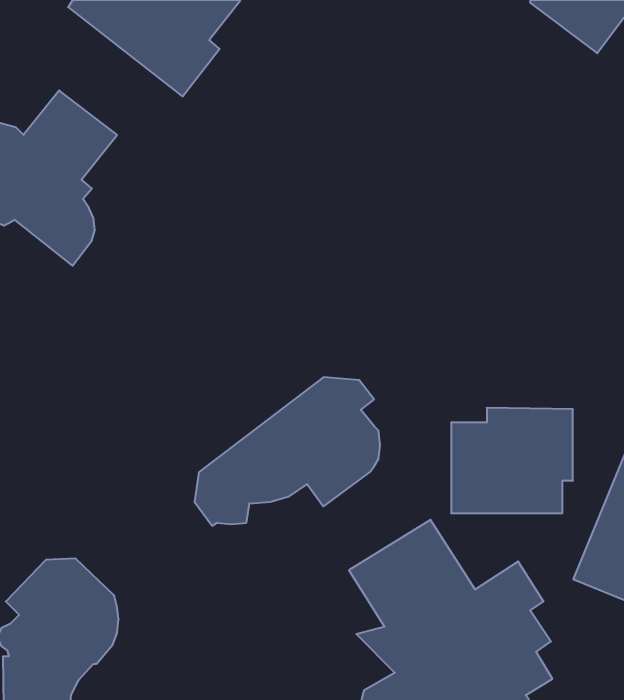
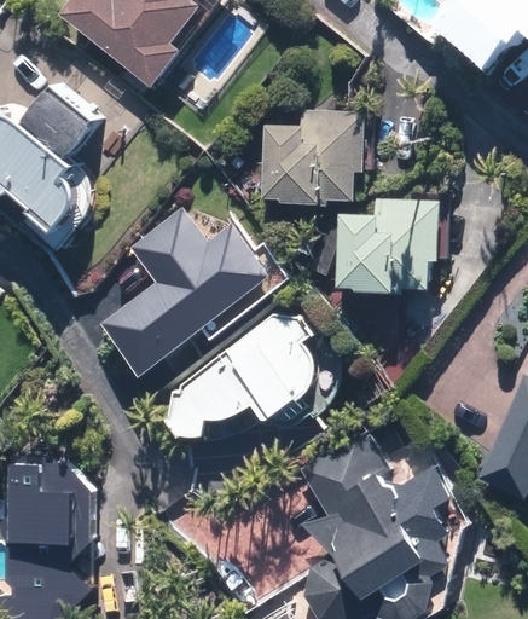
building: none -> [265,111,367,199]
building: none -> [100,210,269,377]
building: [451,408,573,513] -> [341,201,440,287]

